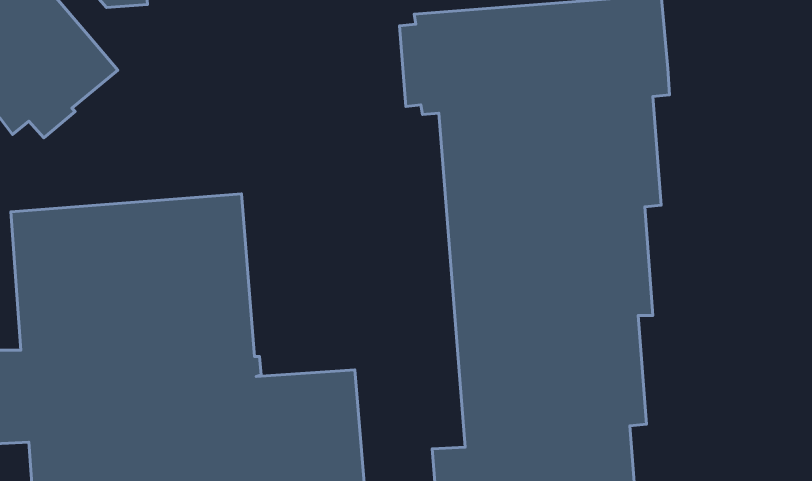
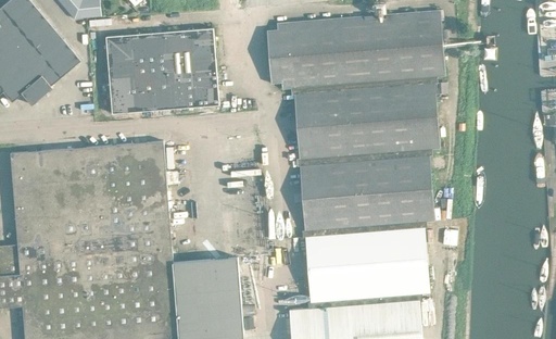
building: none -> [106,28,219,113]

